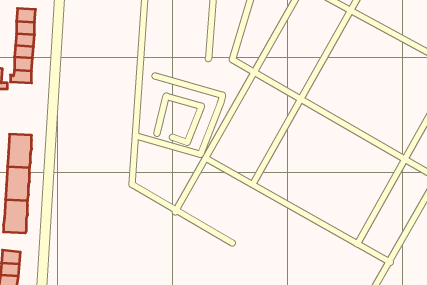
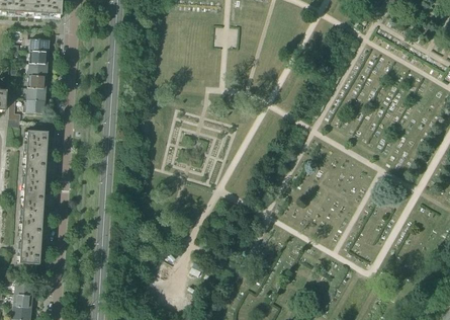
building: none -> [22,130,47,164]

